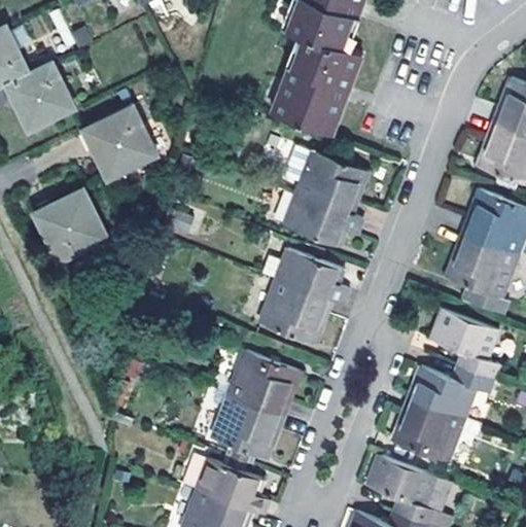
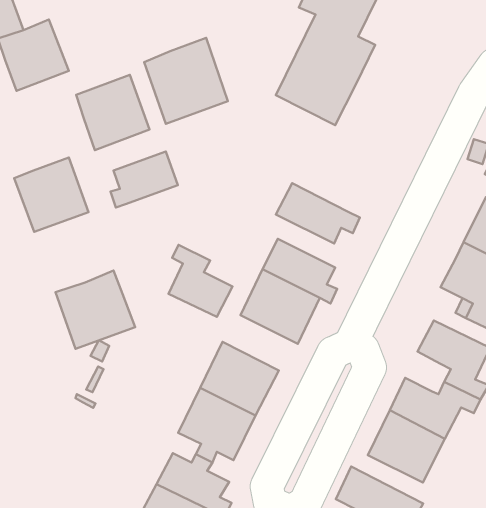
building: none -> [144,38,228,124]
building: [295,150,369,215] -> none
building: none -> [110,152,178,208]
building: none -> [168,245,233,317]
building: none -> [56,270,135,349]

